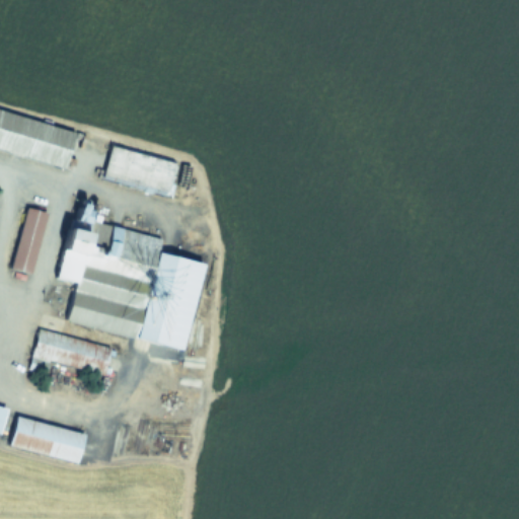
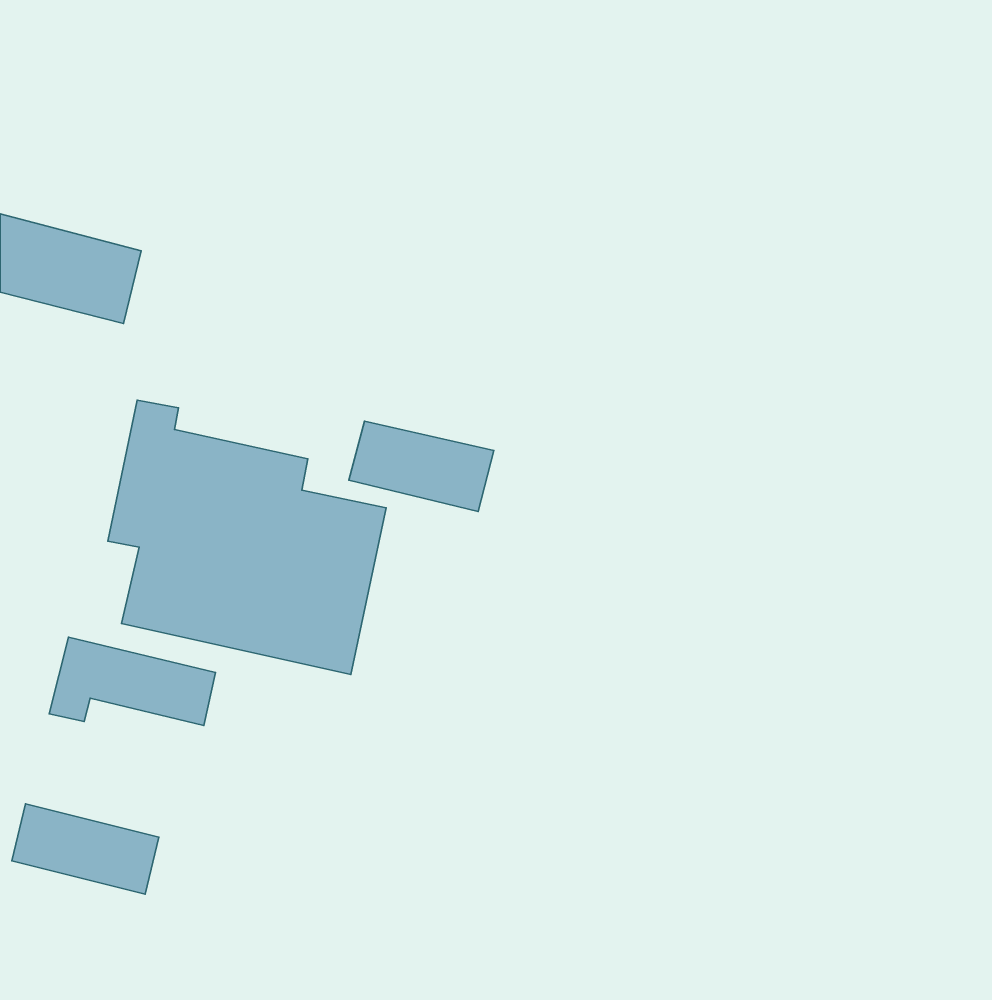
building: [105,147,180,194] -> [349,421,494,511]
building: [13,209,50,276] -> none

